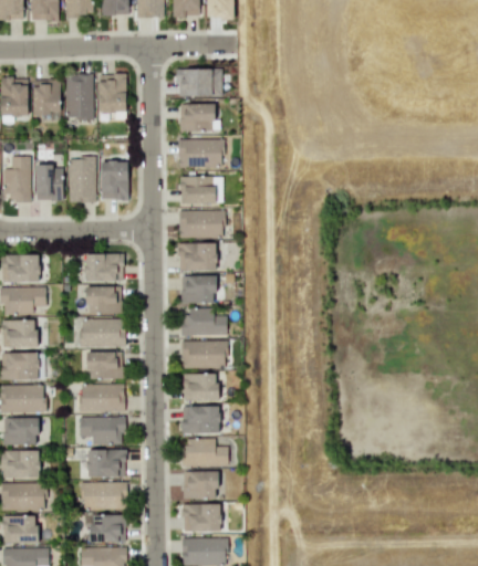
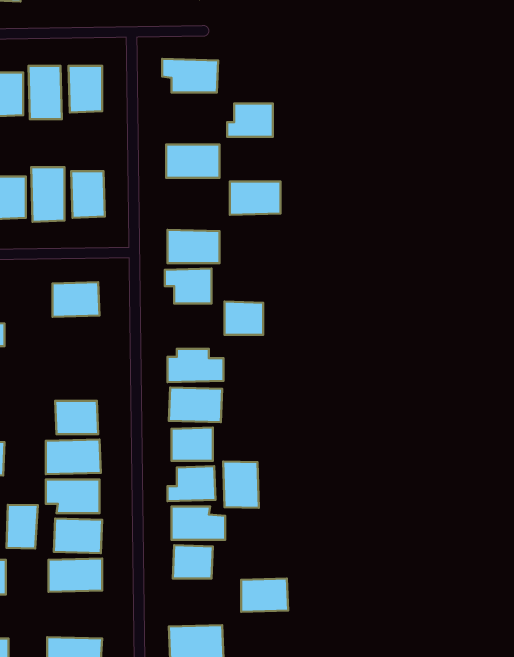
building: [178,104,216,132] -> [227,104,273,137]
building: [179,177,221,205] -> [230,181,281,215]
building: [183,275,215,303] -> [225,301,263,335]
building: [85,286,119,314] -> none
building: [79,319,124,347] -> none
building: none -> [223,462,259,508]
building: none -> [6,505,38,548]
building: [181,504,220,532] -> [241,578,288,612]
building: [89,514,124,544] -> none

